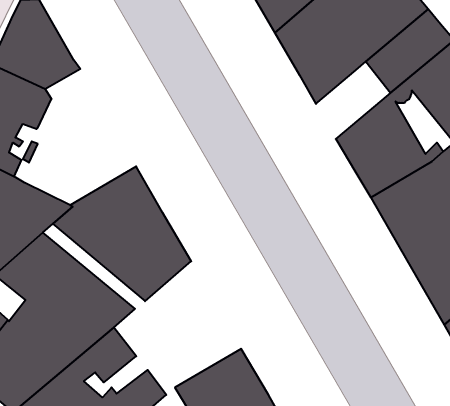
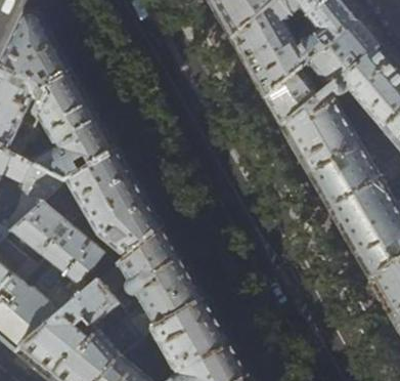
building: none -> [27,69,119,180]
building: none -> [266,70,320,126]
building: none -> [100,226,205,336]

